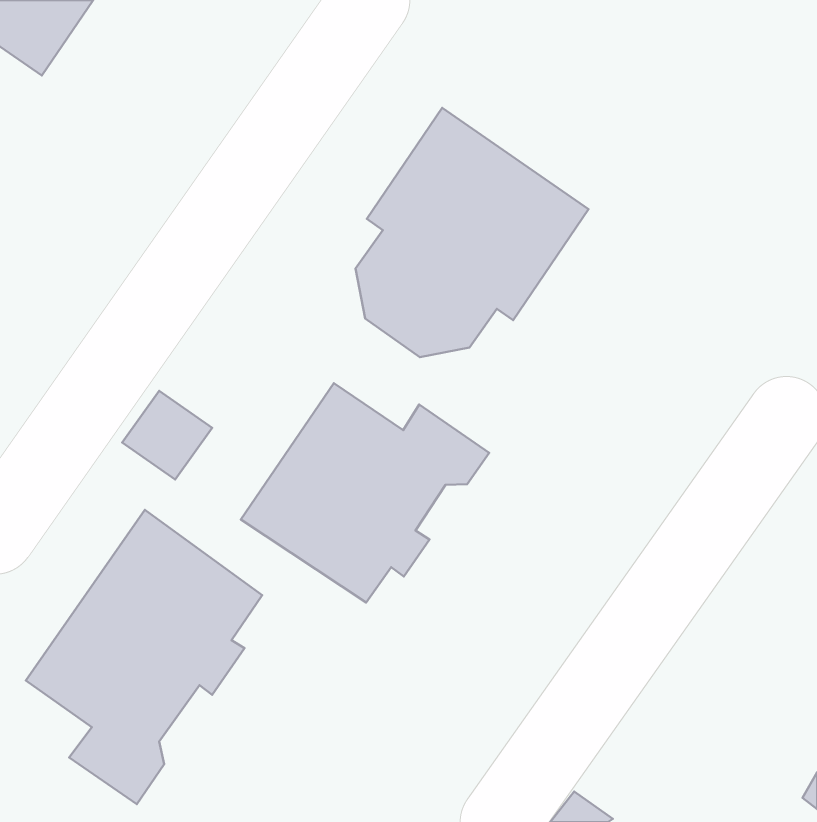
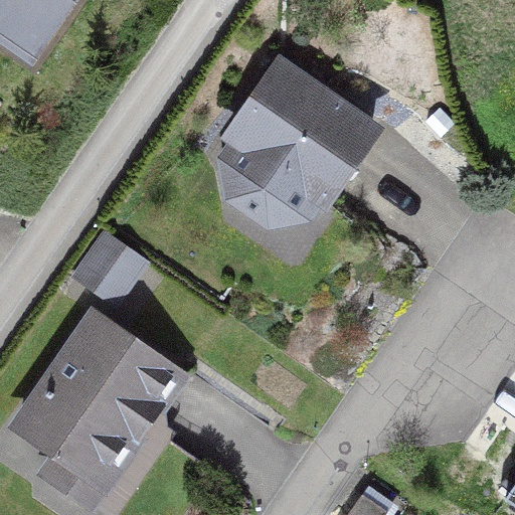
building: [241,383,489,602] -> none

